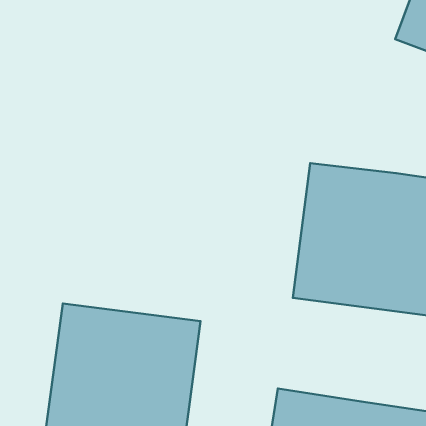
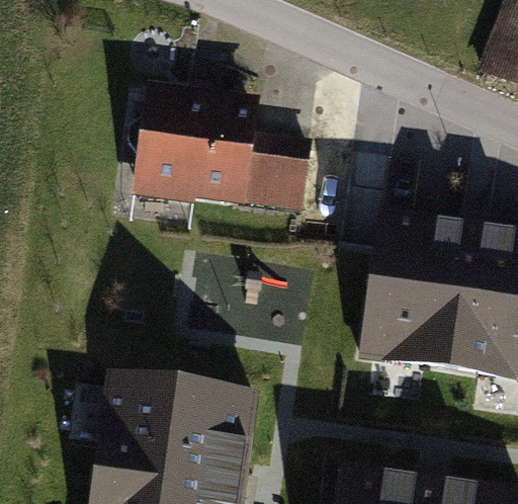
building: none -> [122,92,311,220]

